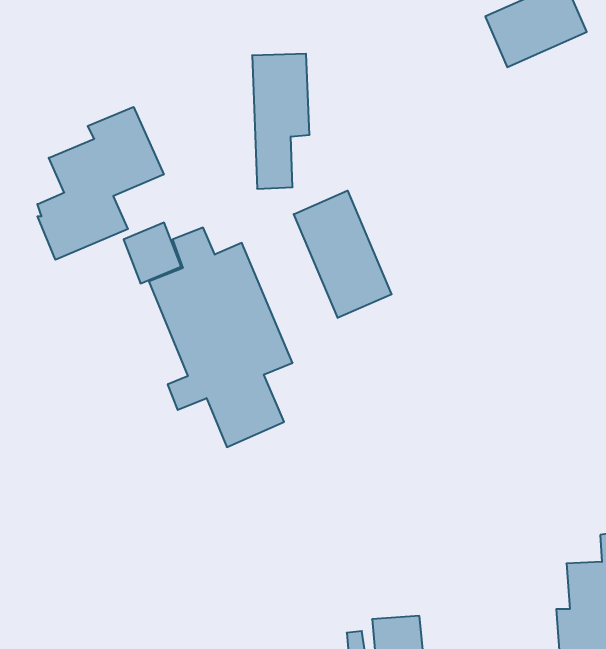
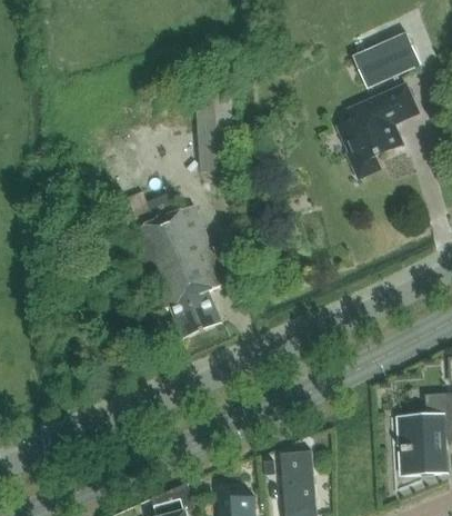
building: none -> [338,85,418,175]
building: [37,107,164,260] -> none
building: [294,191,392,318] -> none

